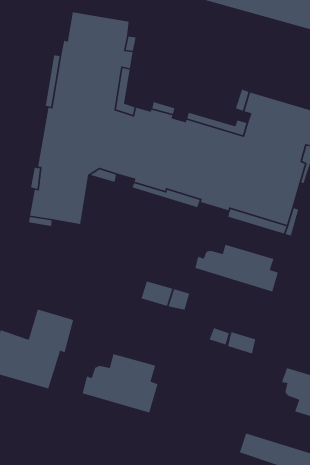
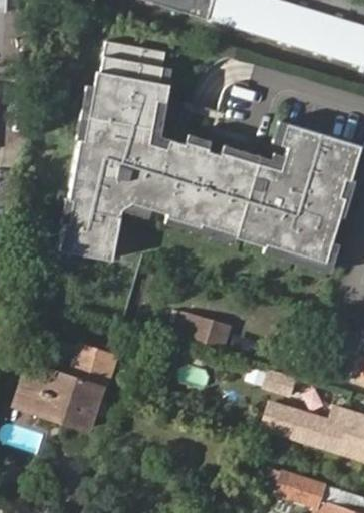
building: [195,244,279,292] -> none
building: [82,353,158,414] -> none
building: none -> [254,400,338,451]

